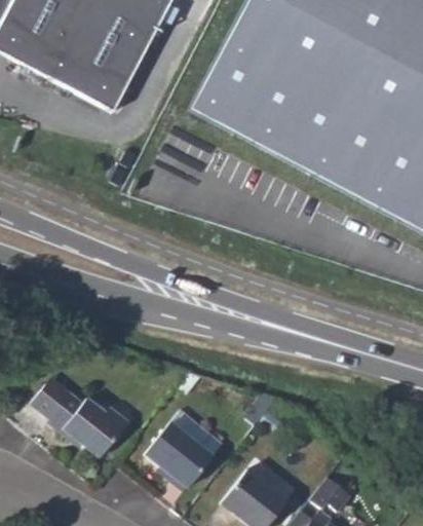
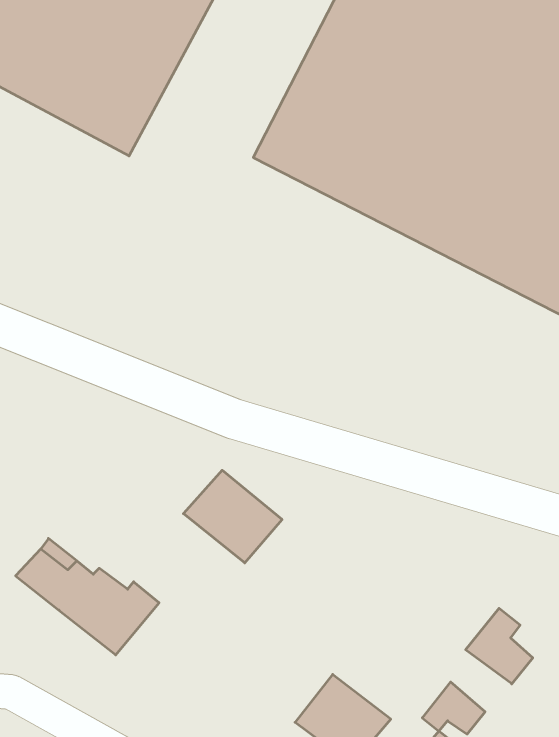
building: [147,420,215,484] -> [183,470,282,563]
building: none -> [466,608,533,684]

